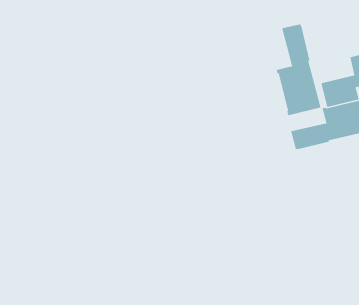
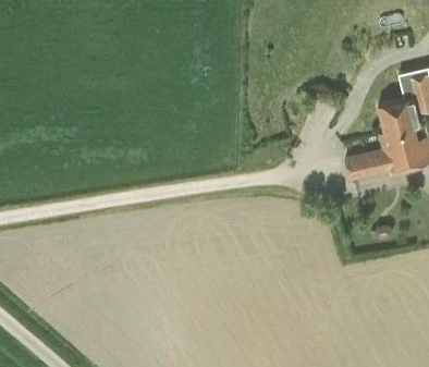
building: [276,23,321,116] -> none

